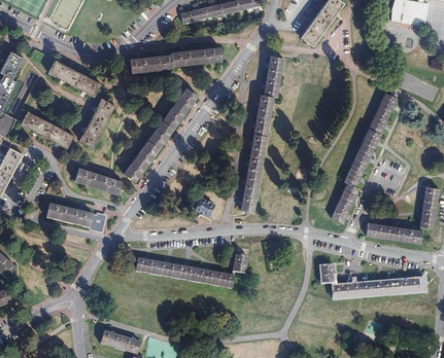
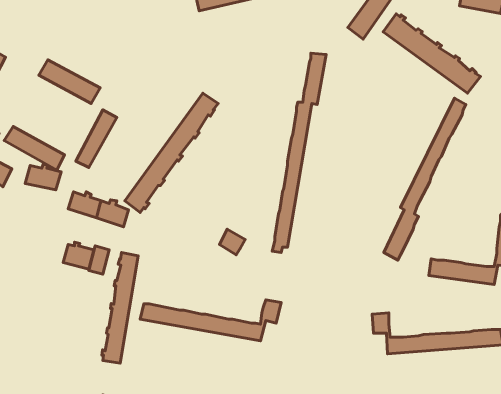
building: none -> [383,14,481,93]
building: [134,46,223,73] -> none
building: [47,204,76,224] -> [25,164,61,190]
building: none -> [102,252,138,363]

